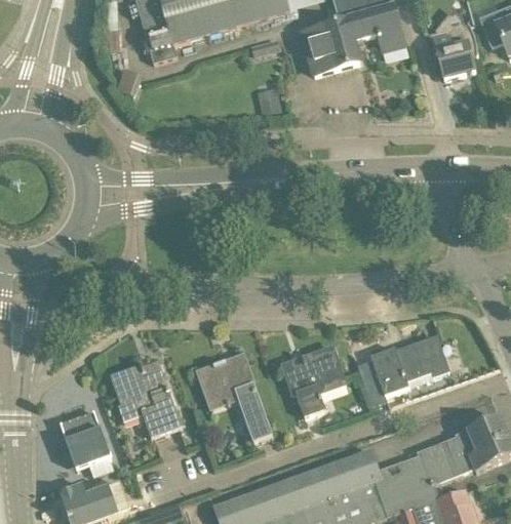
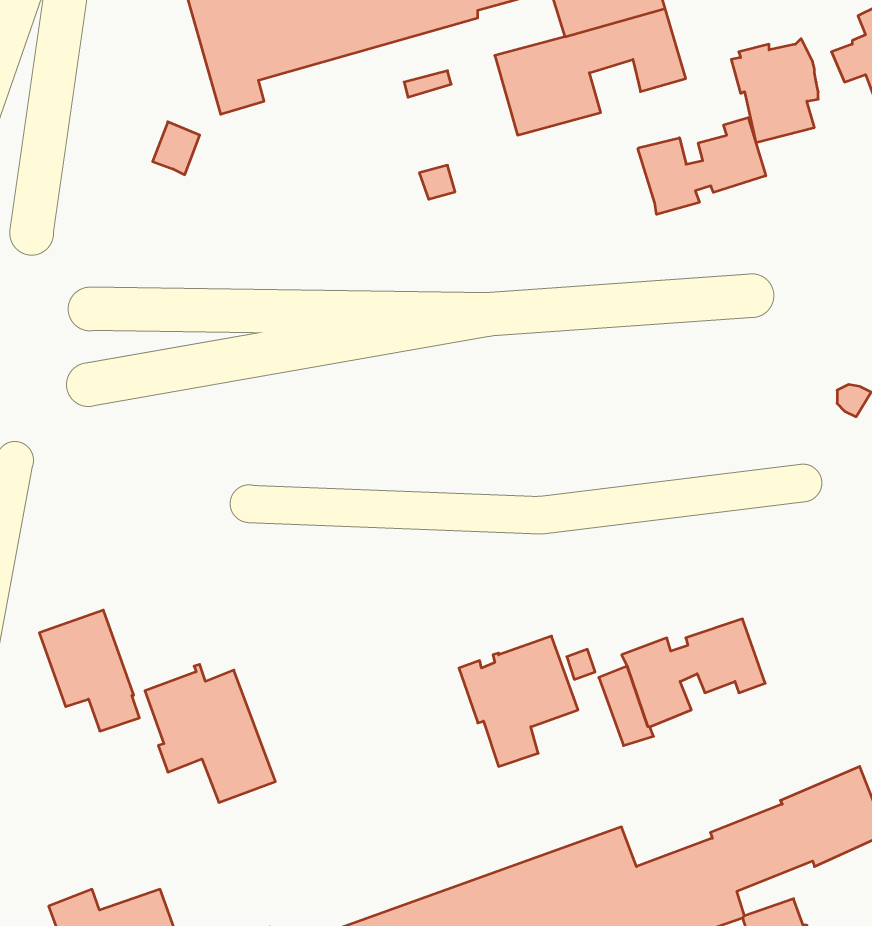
building: none -> [638,118,766,214]
building: [196,353,272,441] -> none
building: [58,410,113,476] -> [39,610,139,731]

